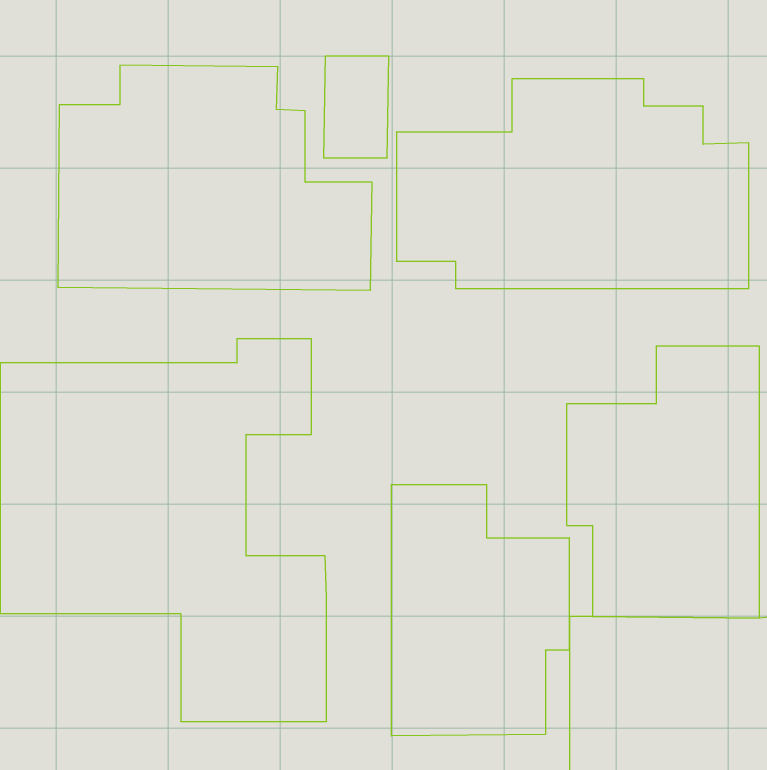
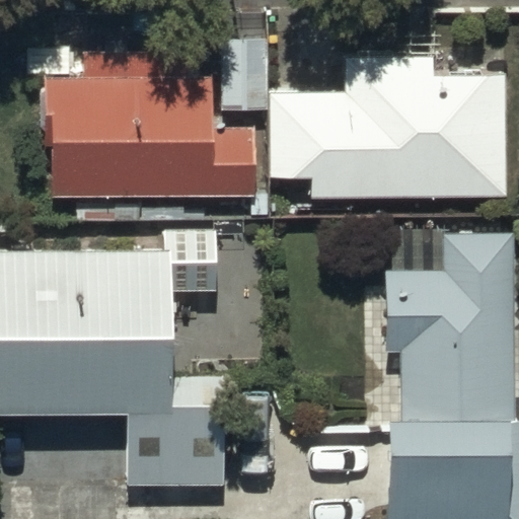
building: [391,484,569,736] -> none

